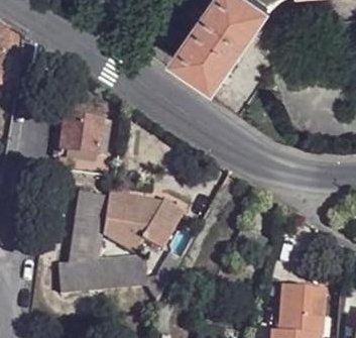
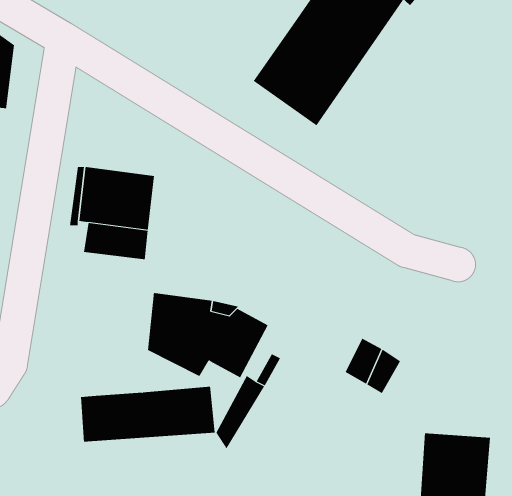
building: [71,190,108,259] -> none

